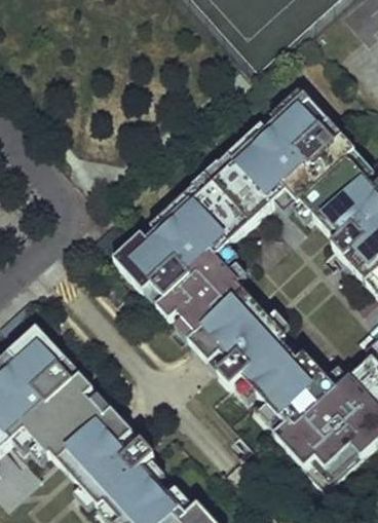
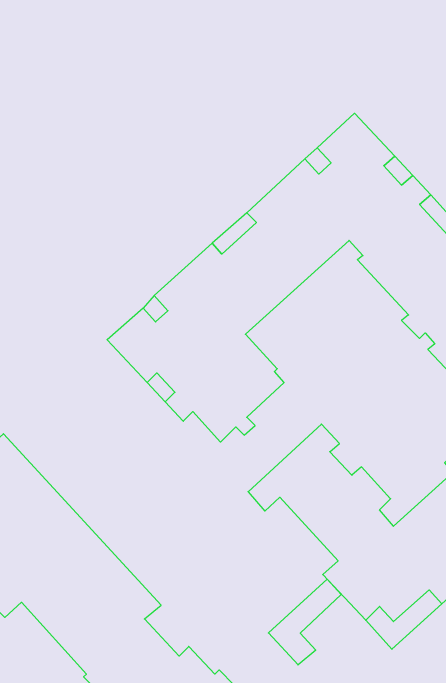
building: [188,290,271,371] -> none
building: none -> [268,579,341,665]

